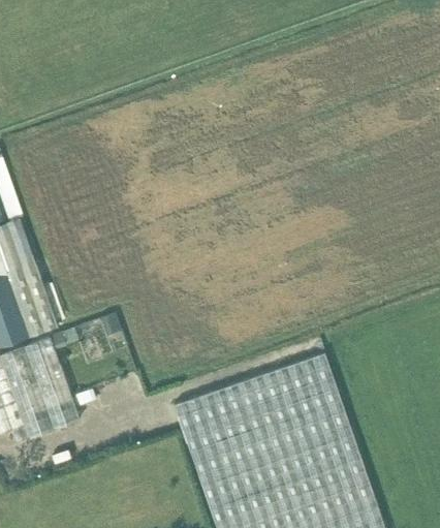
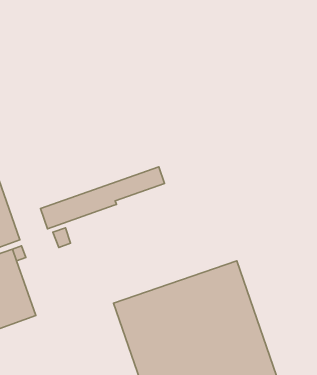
building: none -> [40,167,164,229]

